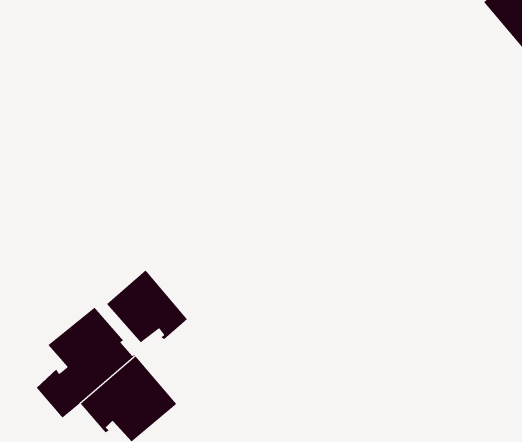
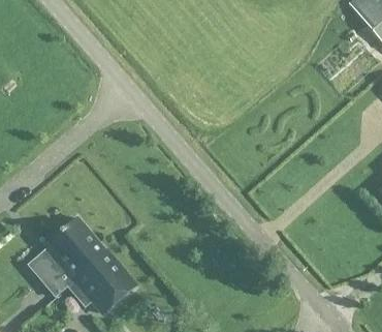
building: [106,270,188,343] -> none

